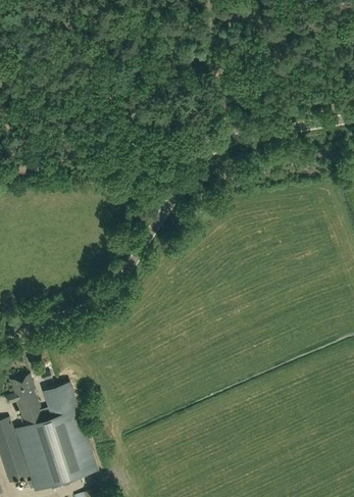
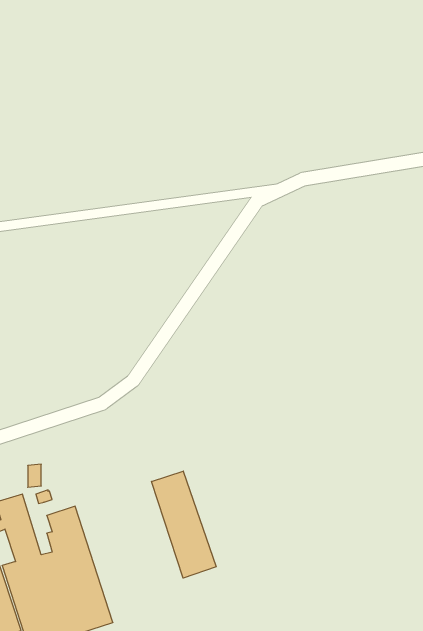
building: none -> [152,471,216,578]

